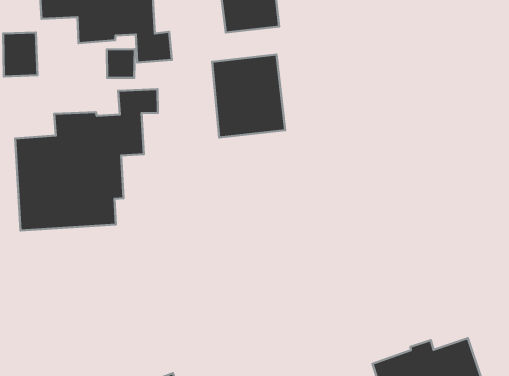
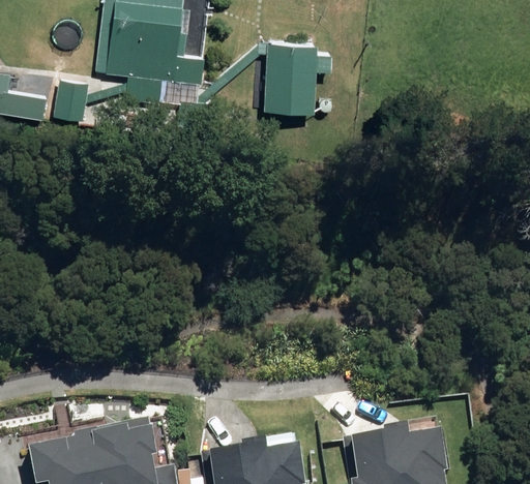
building: [212,55,285,138] -> none
building: [15,89,158,231] -> none

